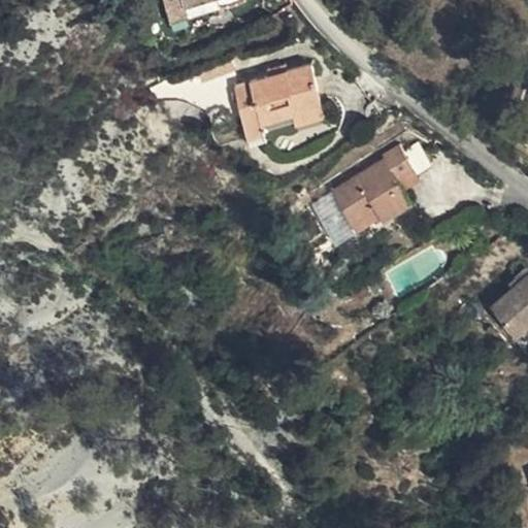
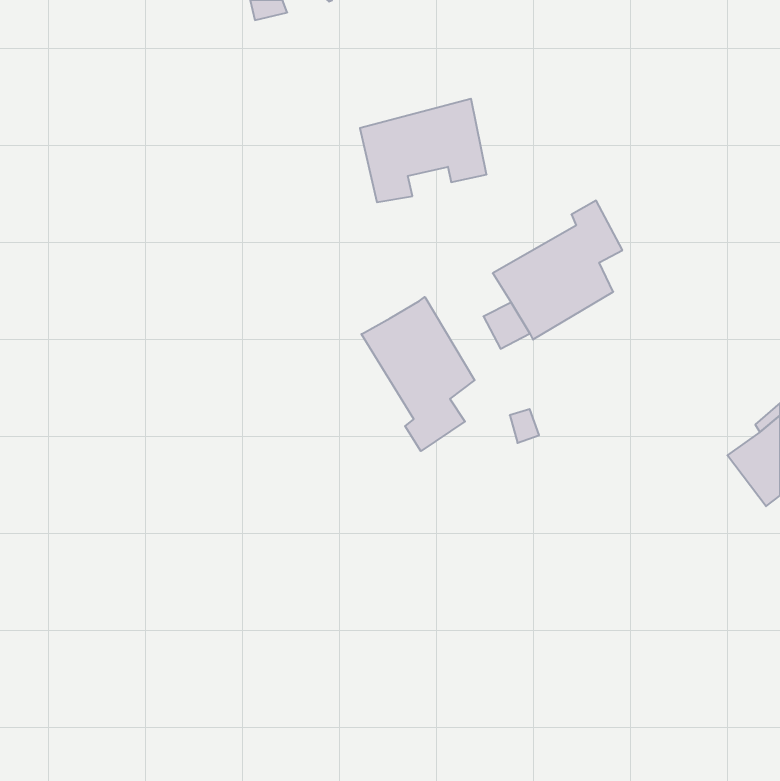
building: none -> [361,297,475,451]

